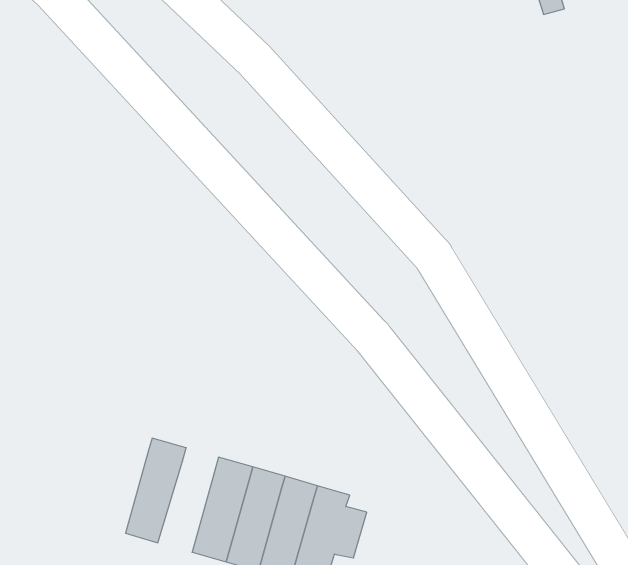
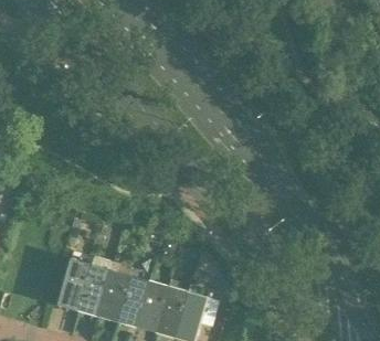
building: none -> [57,251,94,311]
building: none -> [97,262,133,322]

